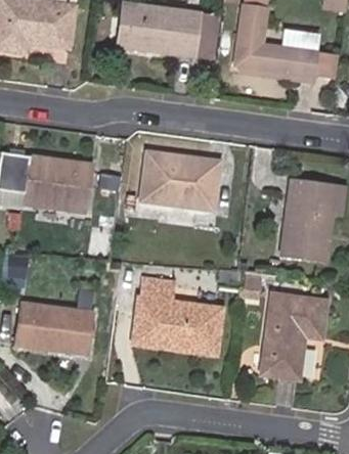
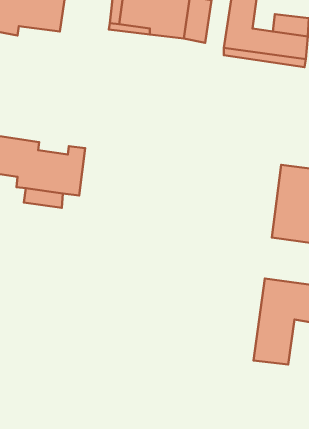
building: [140,153,218,210] -> none
building: [134,278,222,354] -> none
building: [15,302,92,353] -> none

